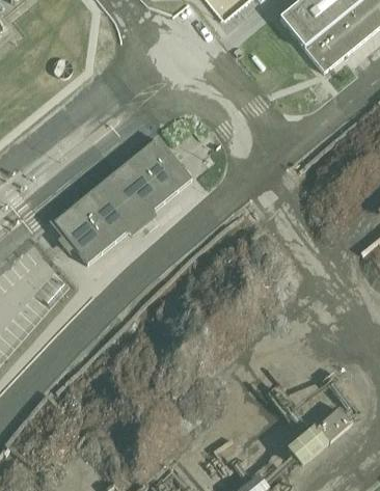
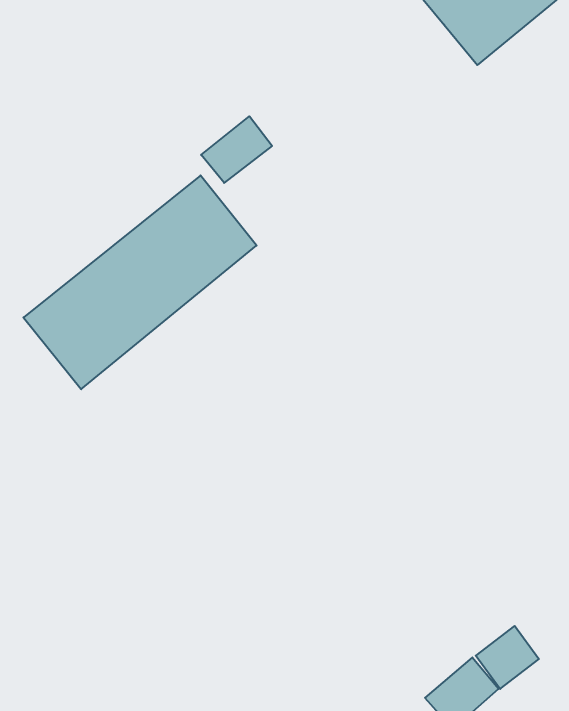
building: none -> [201,116,272,183]

